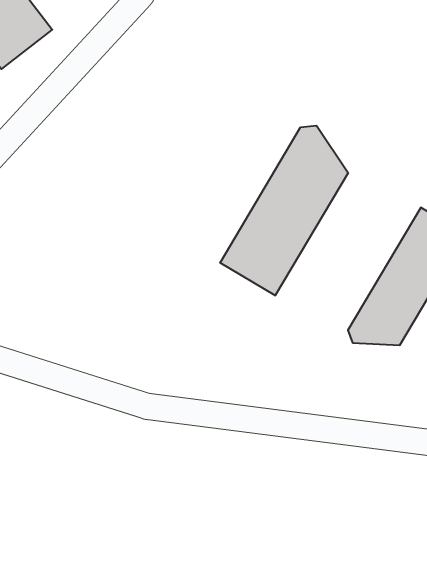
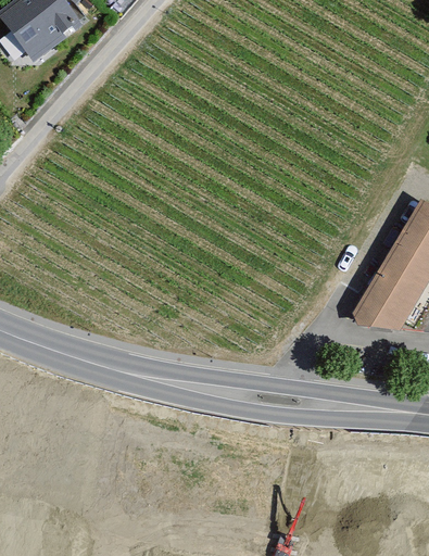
building: [220,126,348,296] -> none

